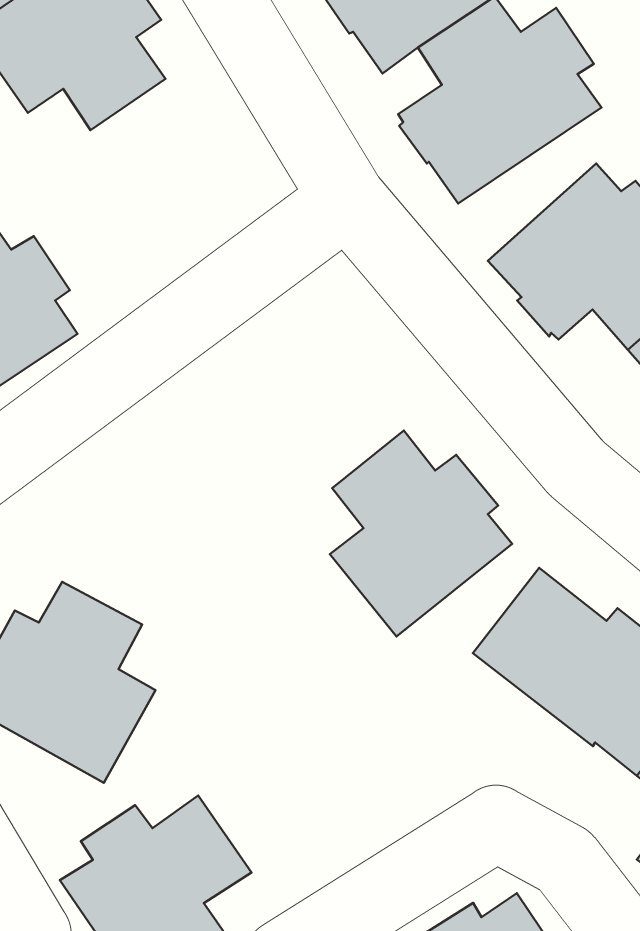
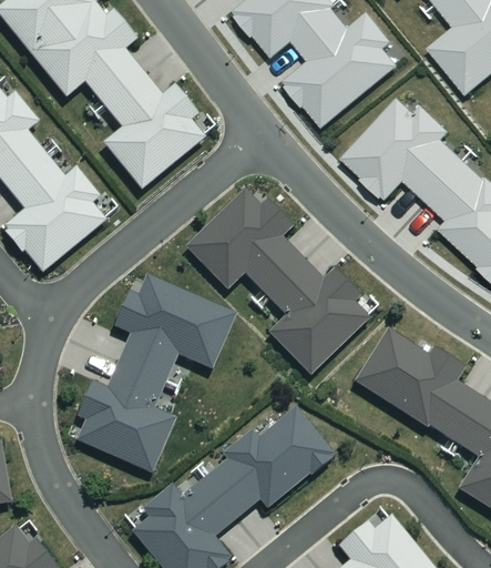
building: none -> [108,70,209,189]
building: none -> [183,189,301,294]
building: none -> [111,275,234,382]
building: none -> [204,407,333,517]

